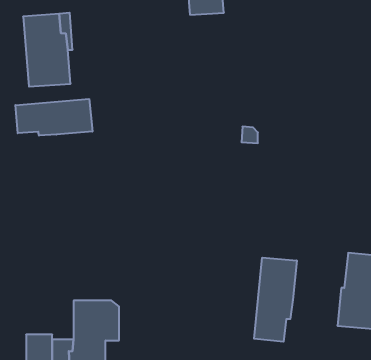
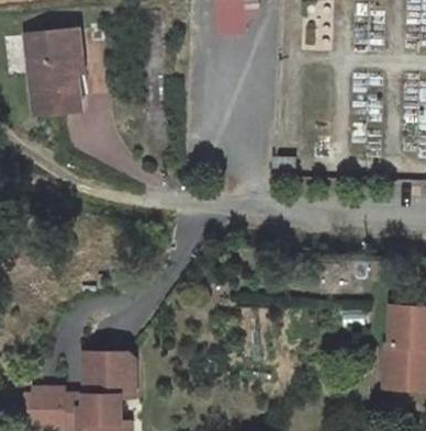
building: [15,99,92,136] -> none
building: [254,258,297,342] -> none

